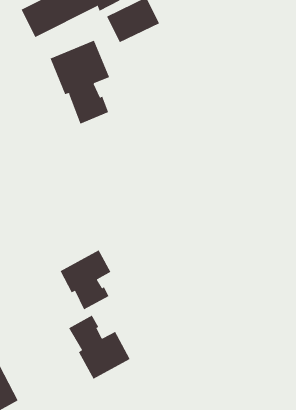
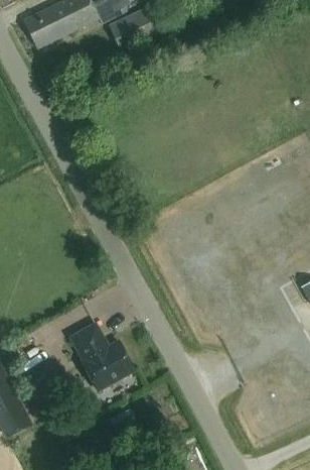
building: [50,40,110,124] -> none
building: [60,250,111,310] -> none

